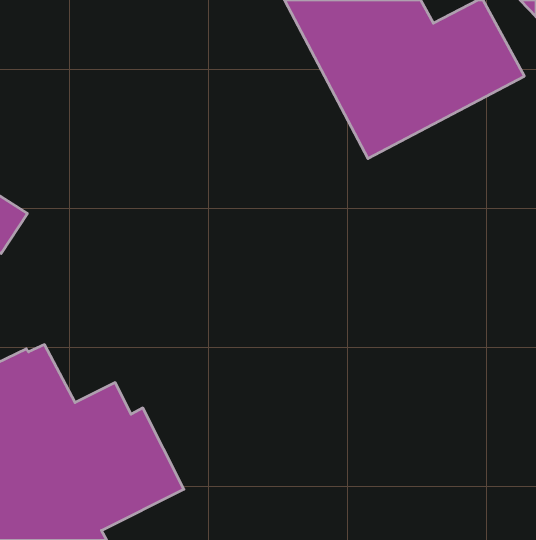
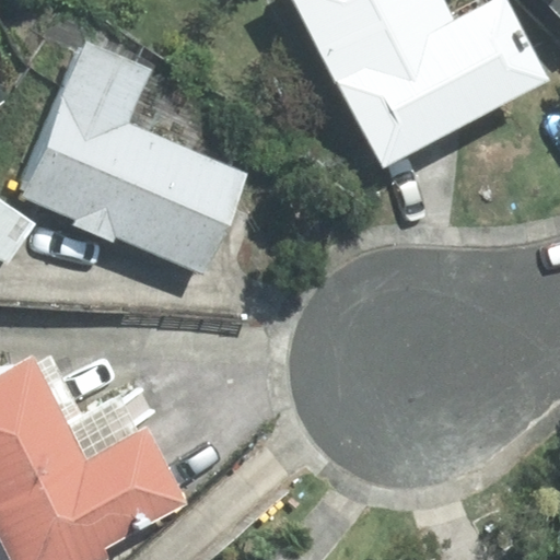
building: none -> [20,45,240,271]

